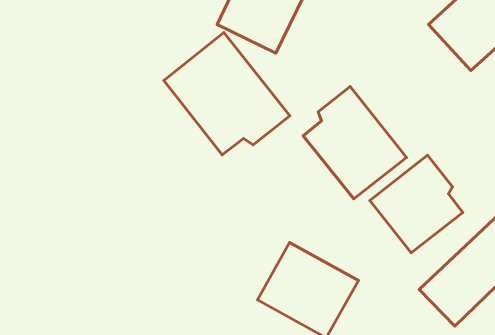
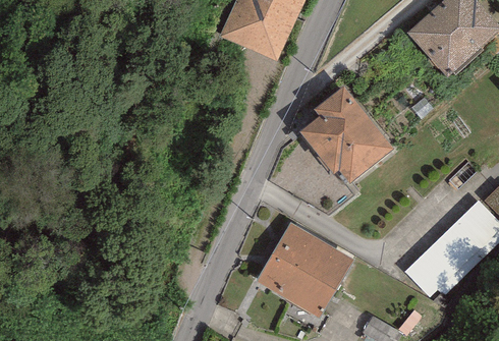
building: [164,33,290,155] -> none
building: [370,155,463,253] -> none

